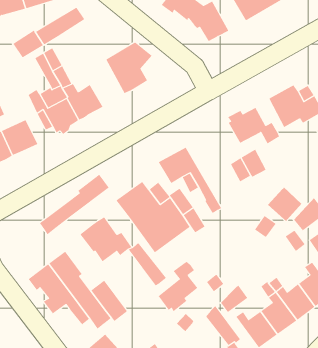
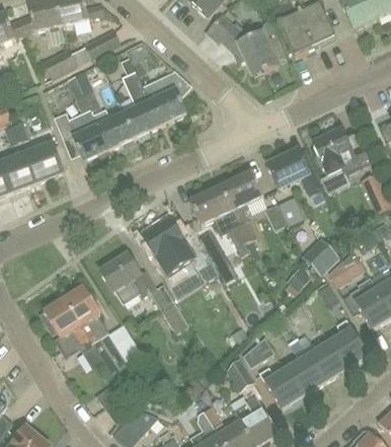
building: none -> [120,58,158,137]
building: none -> [319,166,351,194]
building: none -> [220,168,262,251]
building: [39,174,110,235] -> none
building: [158,261,198,312] -> none

